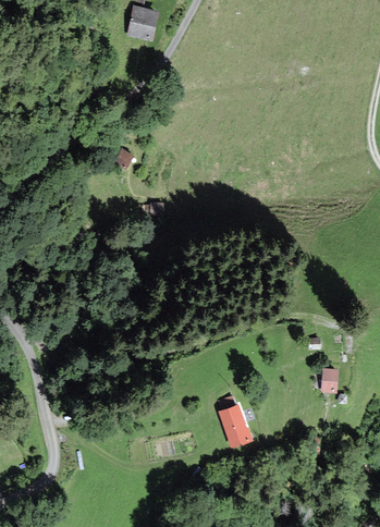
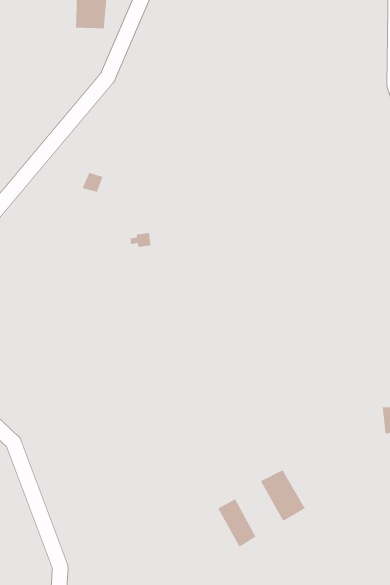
building: none -> [217,498,257,548]

